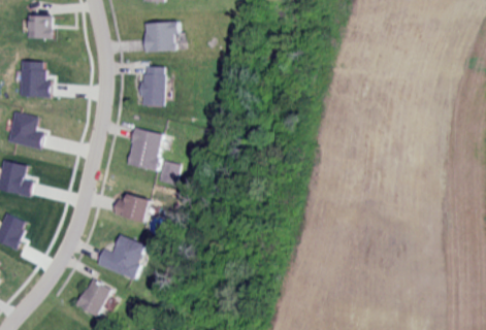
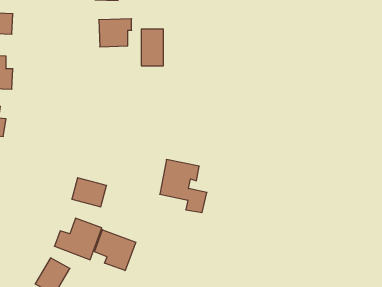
building: [140,66,164,105] -> [141,29,163,66]
building: [127,128,177,185] -> [160,160,207,213]
building: none -> [95,230,136,271]

